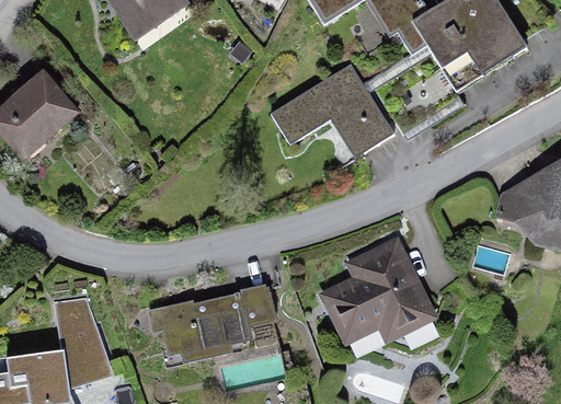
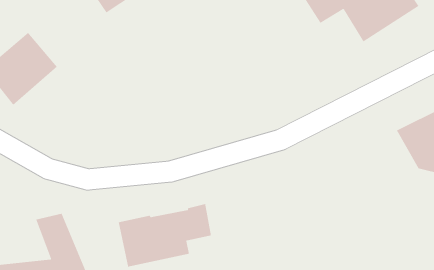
building: [272,67,394,164] -> none
building: [320,235,435,338] -> none

